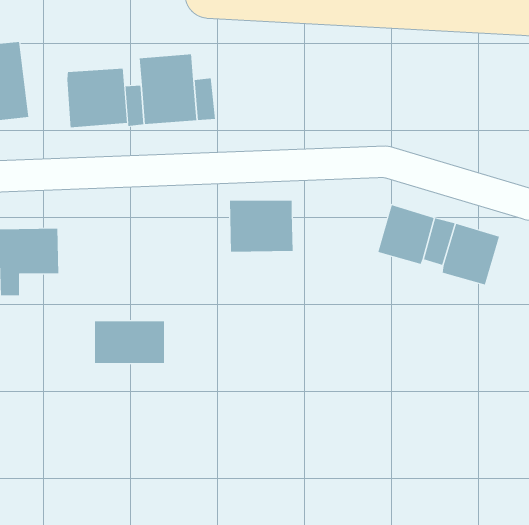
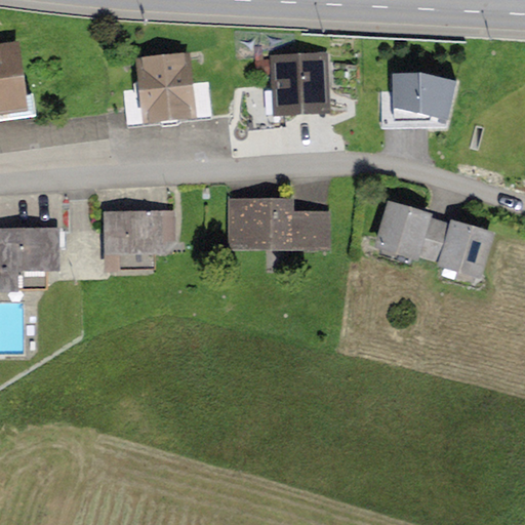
building: none -> [272,54,329,117]
building: [67,68,127,128] -> none
building: none -> [380,75,456,123]
building: none -> [289,209,328,248]
building: [94,321,165,363] -> [103,210,172,252]

